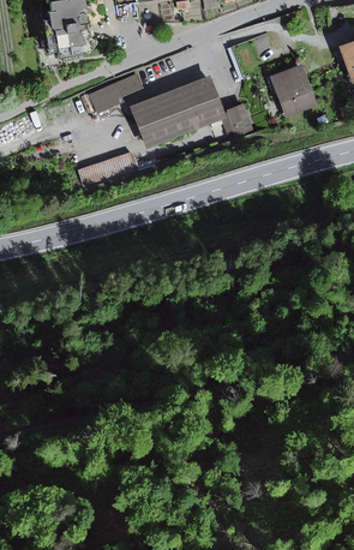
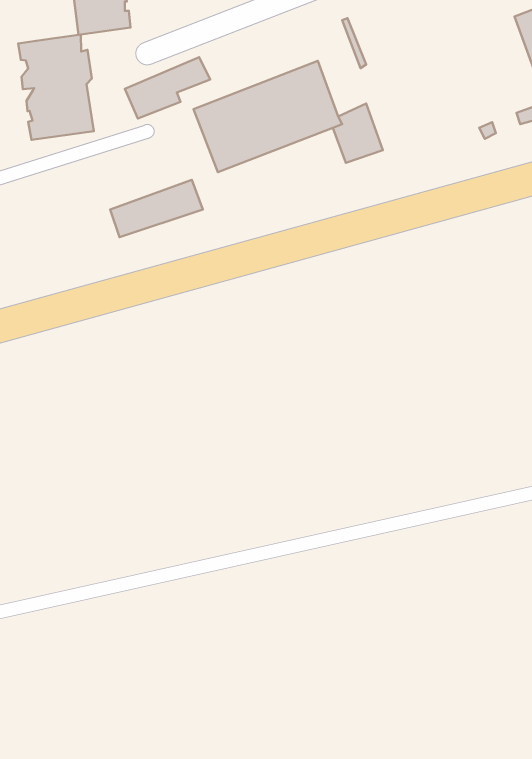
building: none -> [18,35,94,140]
building: [271,64,318,115] -> none

